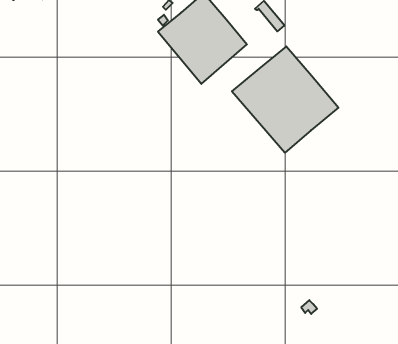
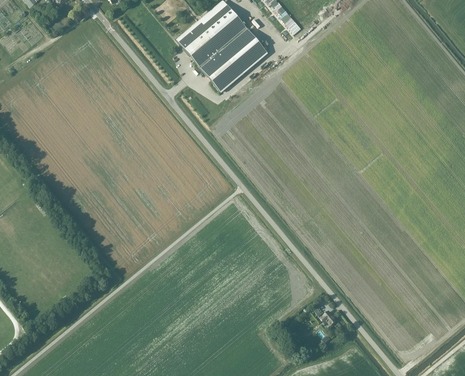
building: [232,46,338,153] -> none

